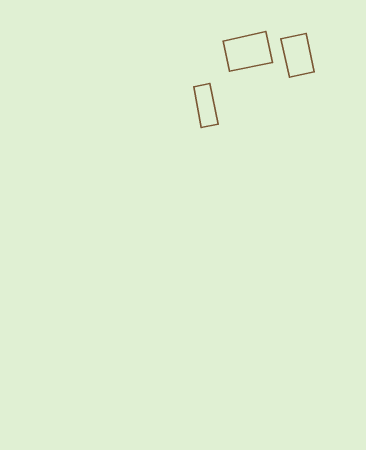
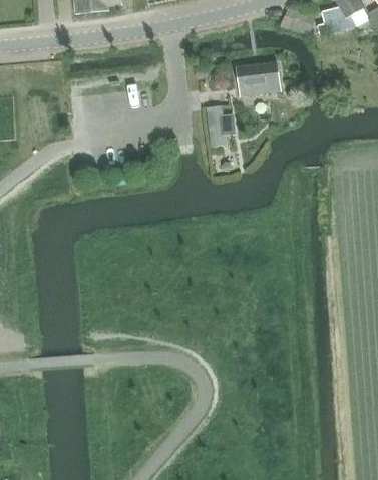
building: [281,33,314,77] -> none

